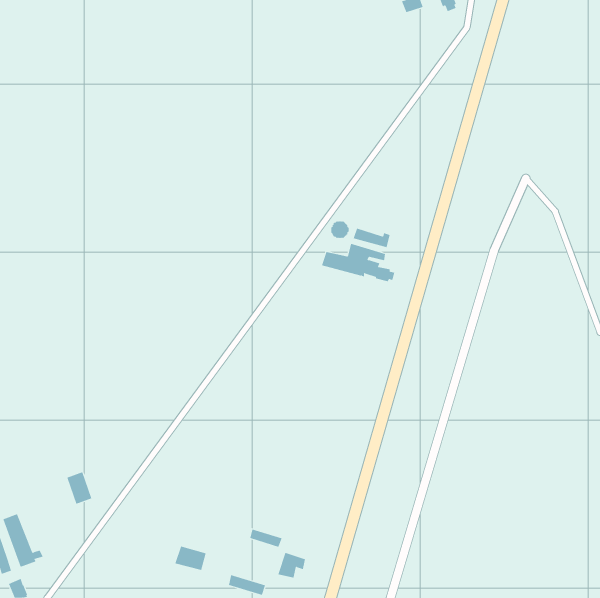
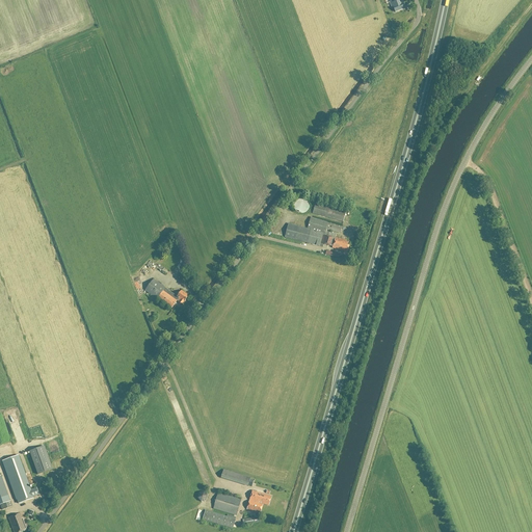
building: none -> [144,277,188,308]
building: [66,472,92,504] -> [28,444,51,473]
building: [175,546,206,571] -> [212,491,240,513]

